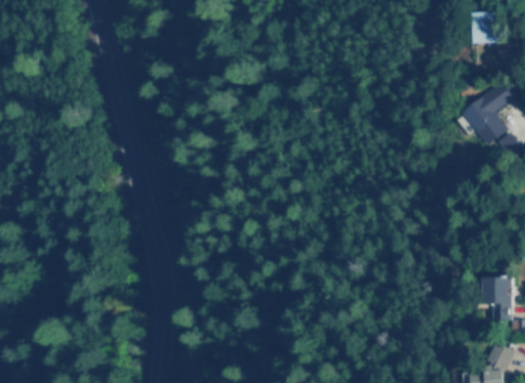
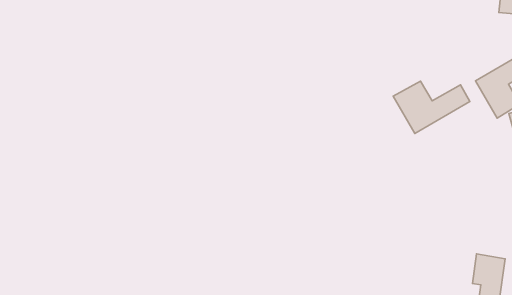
building: none -> [393,81,470,134]

